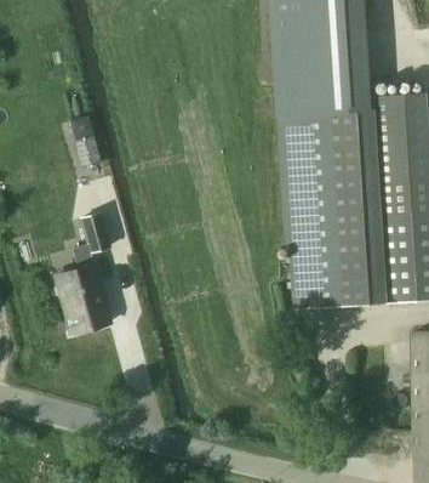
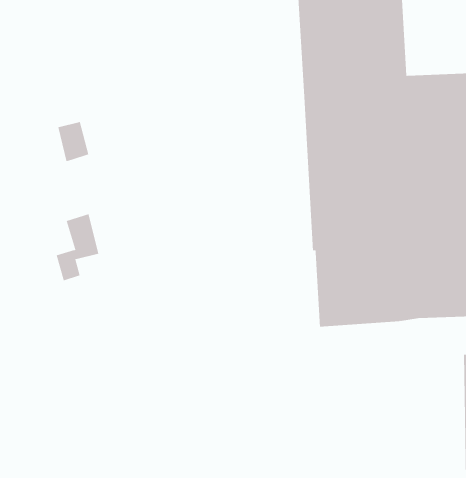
building: [52,265,108,333] -> none

